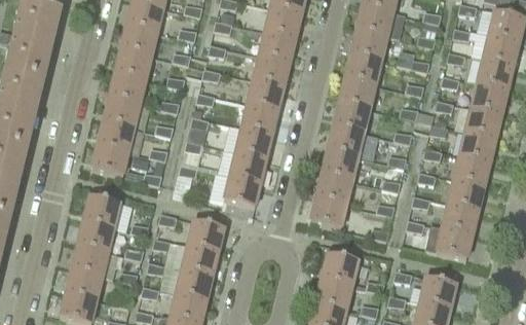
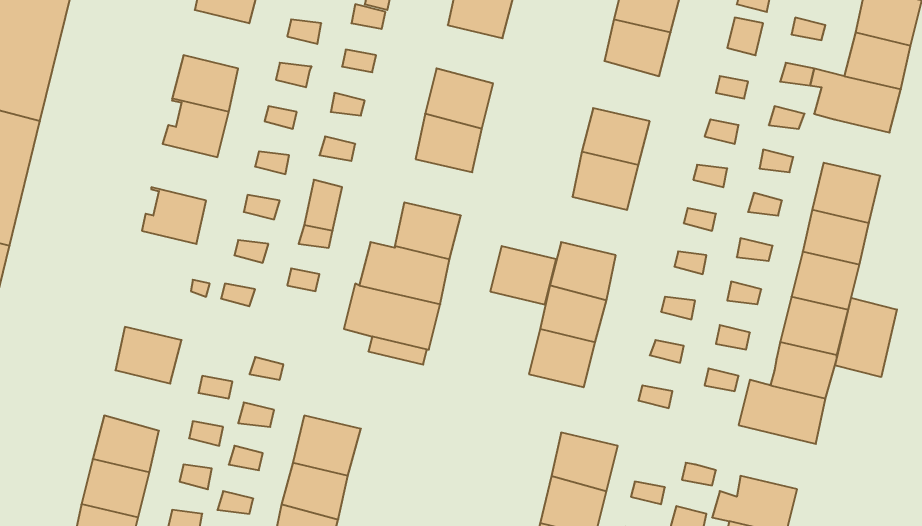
building: [121,25,157,57] -> none
building: [259,33,295,65] -> none
building: [344,52,380,85] -> none
building: [469,84,505,115] -> none
building: [104,98,140,129] -> none
building: [241,106,278,137] -> none
building: [327,127,363,158] -> [490,246,556,305]
building: [92,145,128,178] -> none
building: none -> [835,298,897,377]
building: [78,221,114,254] -> none
building: [187,222,223,253] -> none

